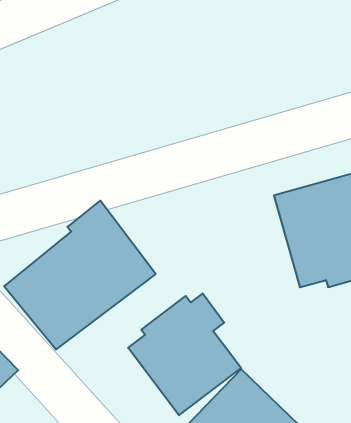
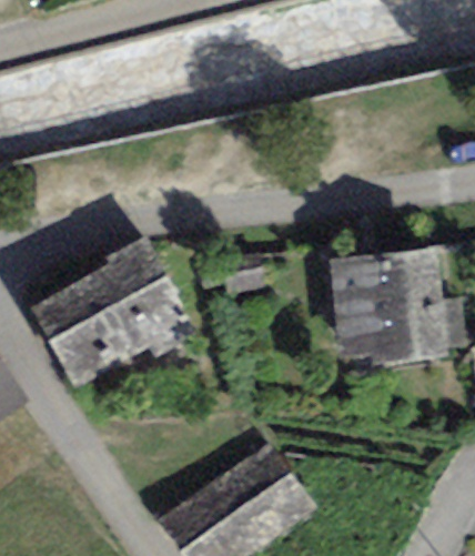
building: [128,293,241,415] -> none

